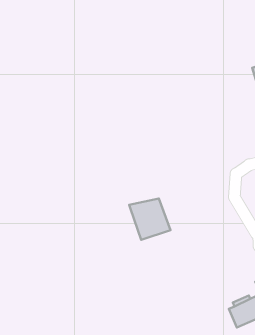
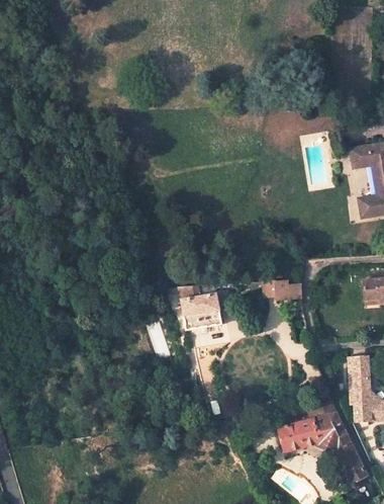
building: none -> [265,280,302,301]

